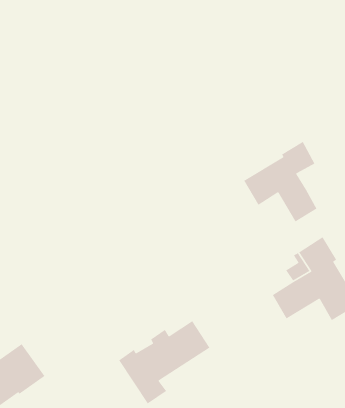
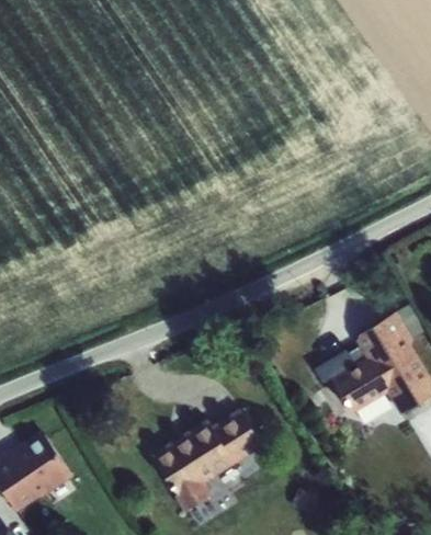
building: [243,141,318,223] -> none

